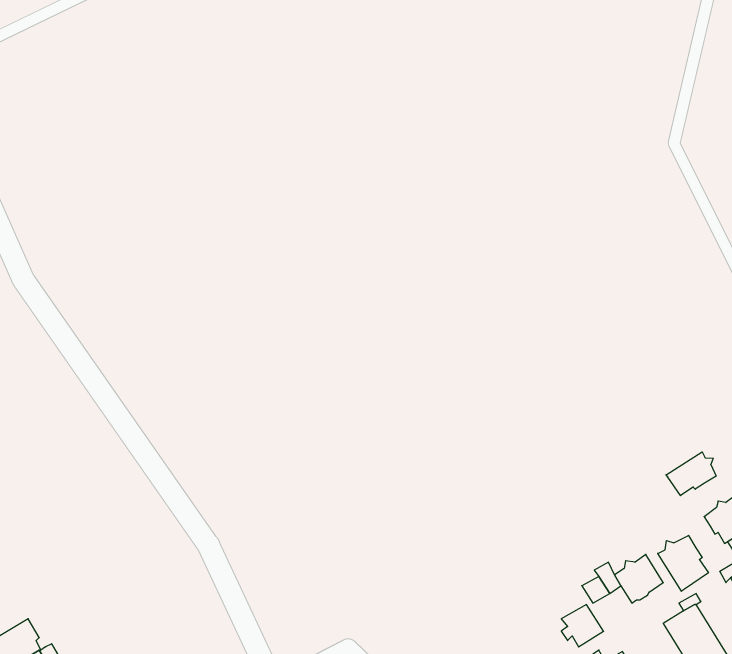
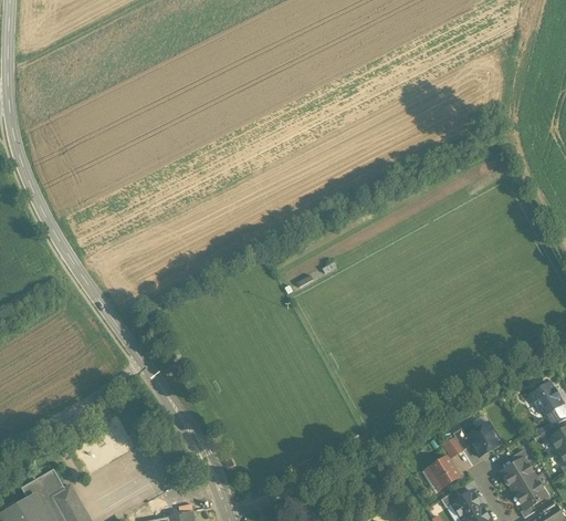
building: [666,452,716,496] -> none
building: [658,535,708,591] -> none

